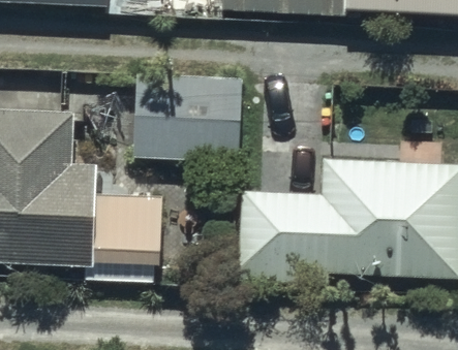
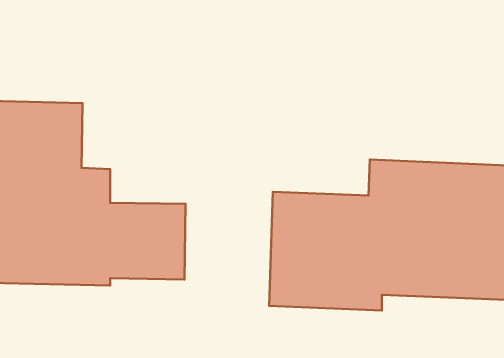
building: [133,74,243,159] -> none

